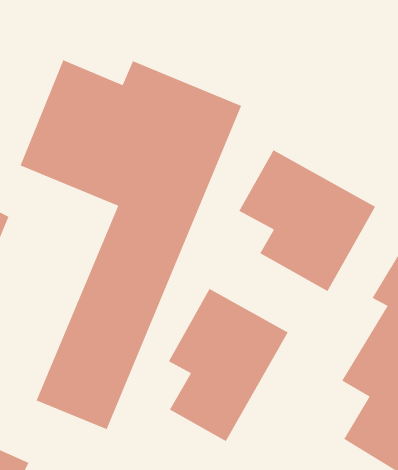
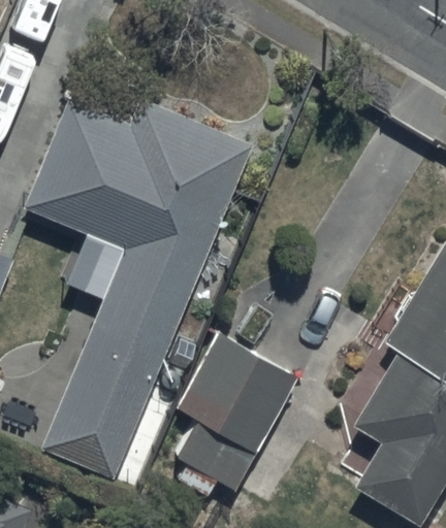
building: [238,149,376,292] -> none

